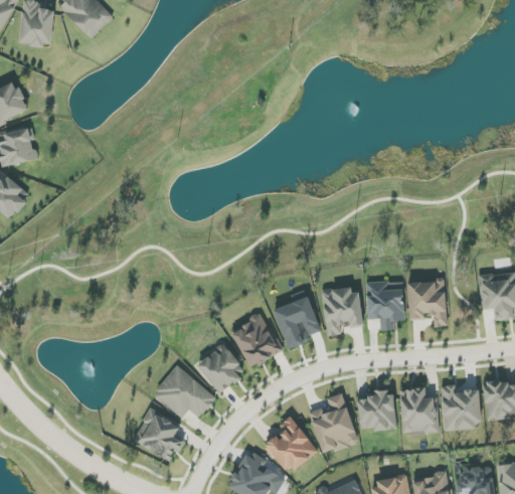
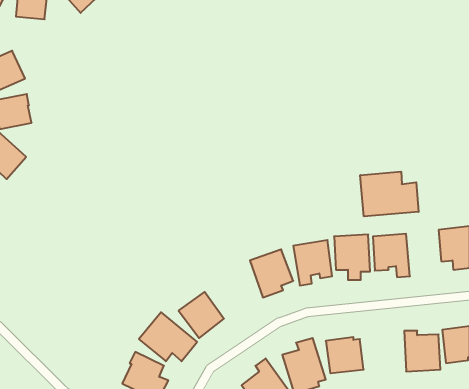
building: none -> [360,172,419,216]
building: [231,315,282,368] -> none
building: [400,388,439,433] -> none

